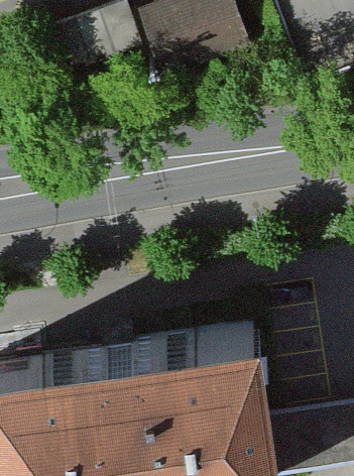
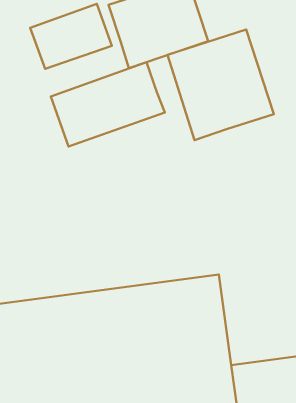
building: none -> [168,30,274,140]
building: none -> [51,62,165,146]

